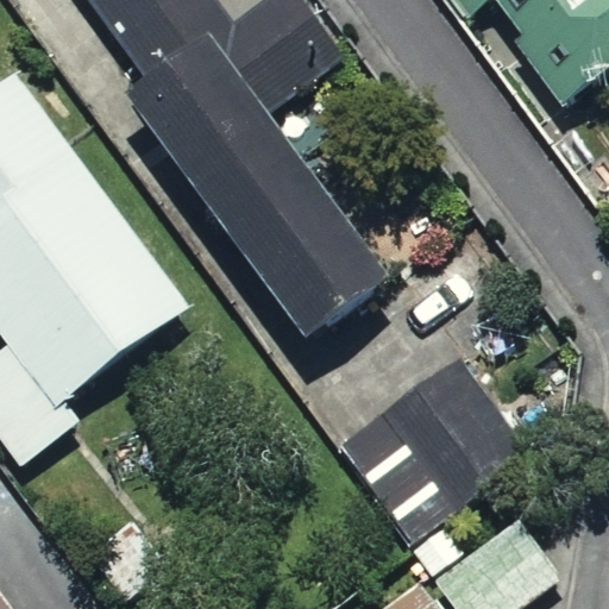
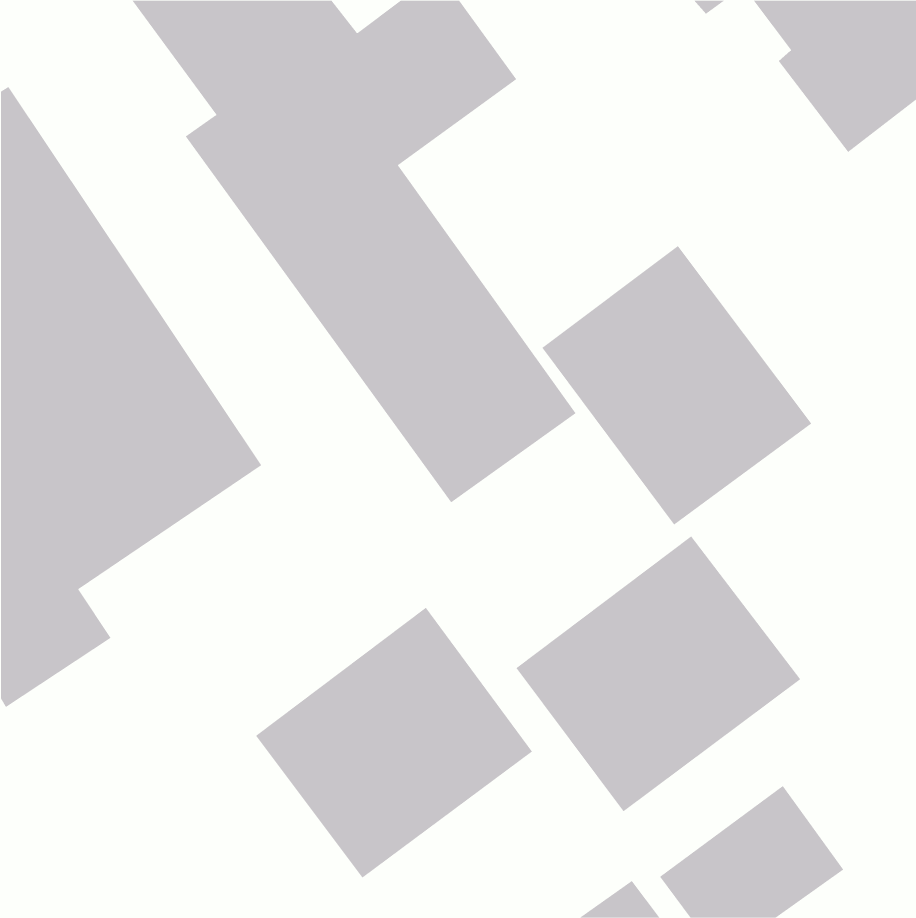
building: none -> [542,245,812,525]
building: none -> [255,607,533,879]

